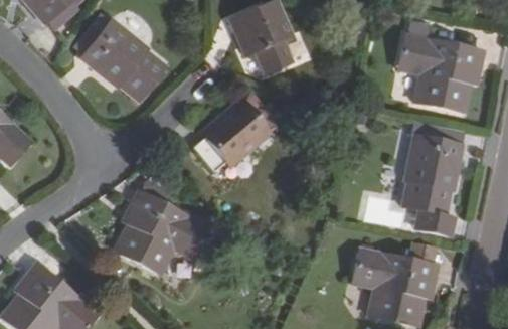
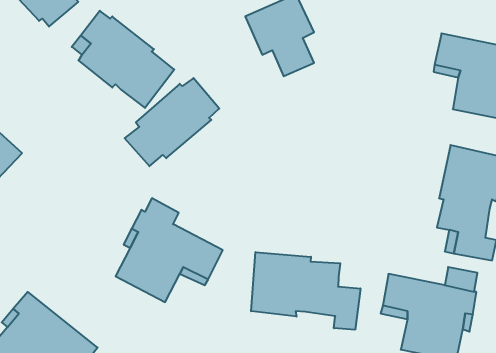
building: [191,94,276,172] -> [125,78,219,166]
building: none -> [251,252,360,330]

